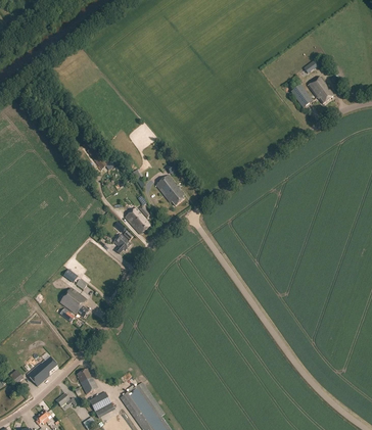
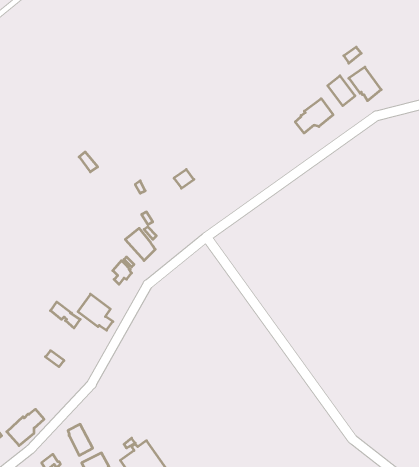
building: none -> [295,99,333,133]
building: [156,176,185,206] -> none
building: [60,288,89,318] -> [78,294,113,330]

